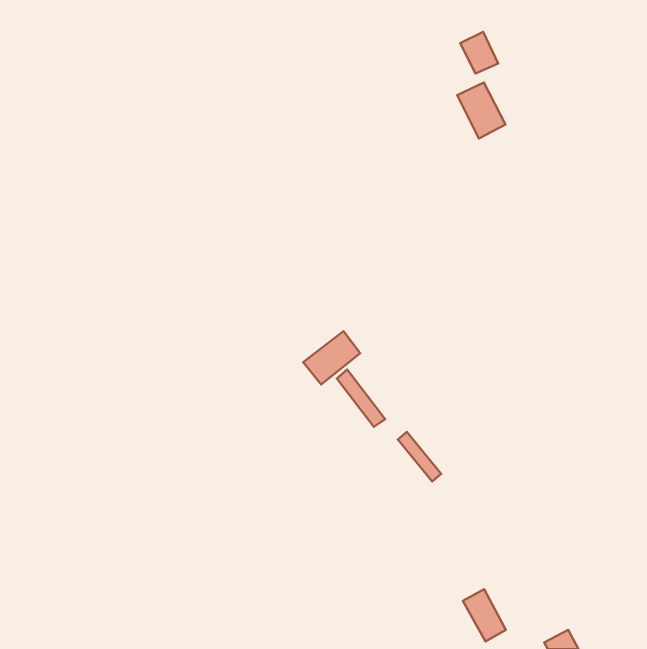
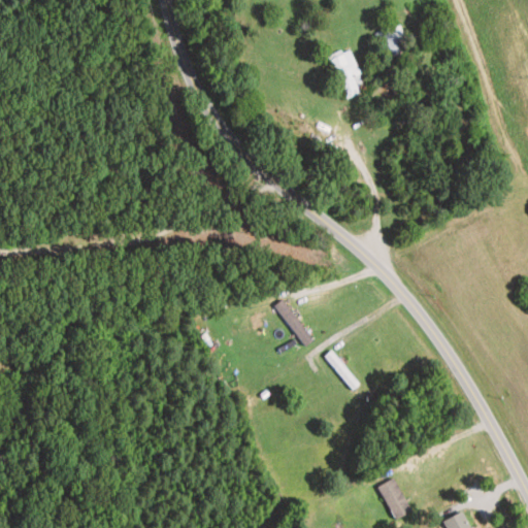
building: [457,83,506,138] -> [329,52,368,97]
building: [303,331,360,385] -> none

